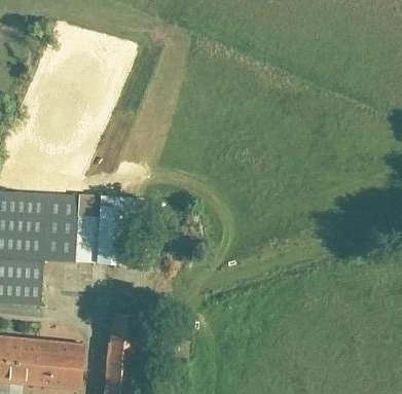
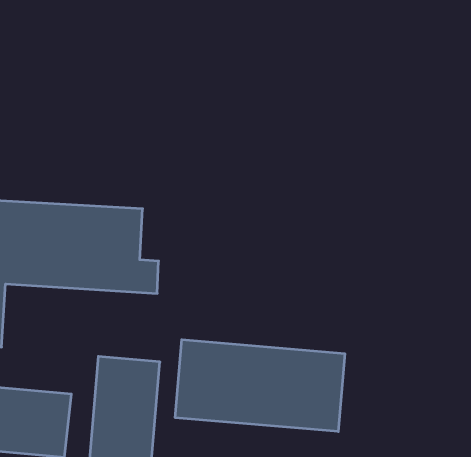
building: none -> [175,340,345,432]

